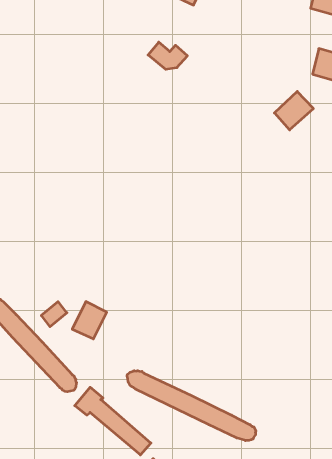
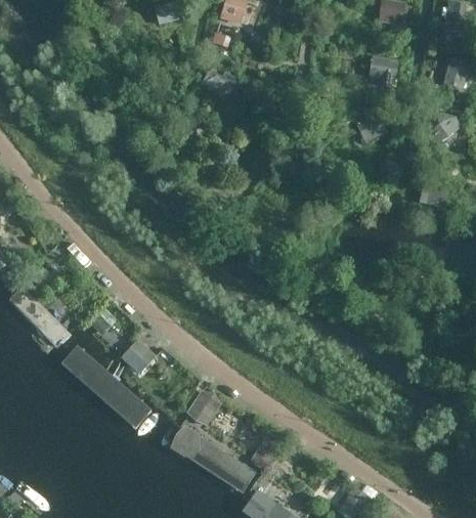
building: [72,302,107,339] -> [189,388,222,425]
building: [127,371,256,441] -> none

